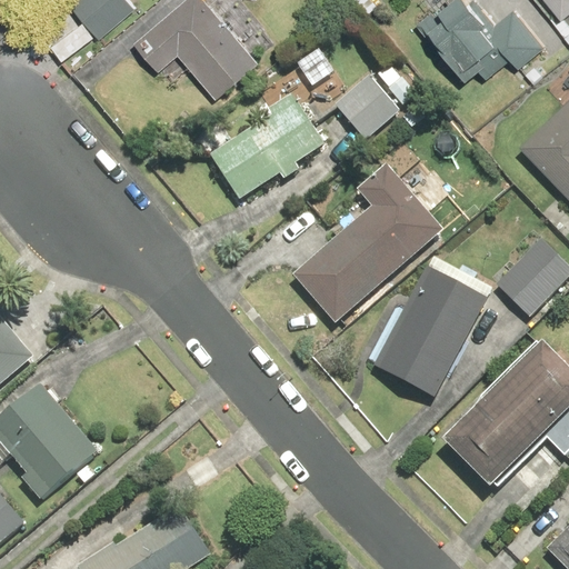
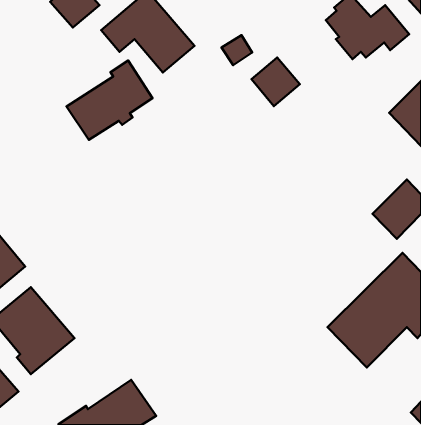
building: [210,94,325,200] -> [66,61,152,140]
building: [293,166,446,325] -> none
building: [373,267,488,399] -> none

